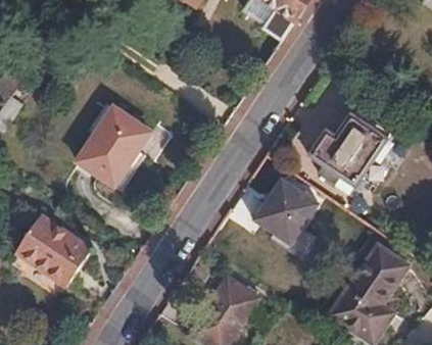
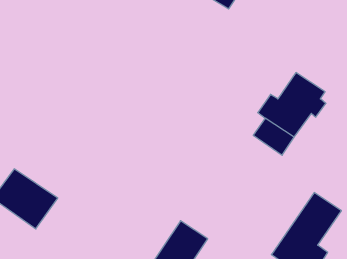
building: [81,101,164,191] -> none
building: [255,180,318,242] -> none

